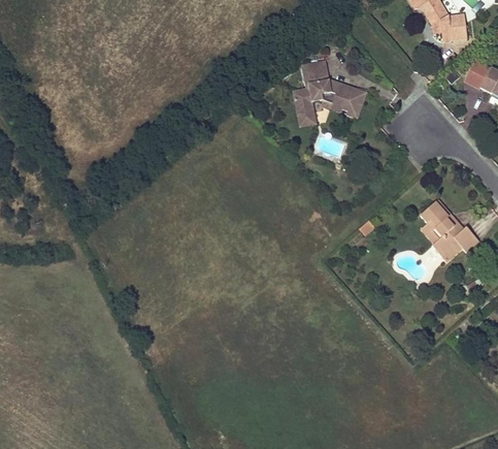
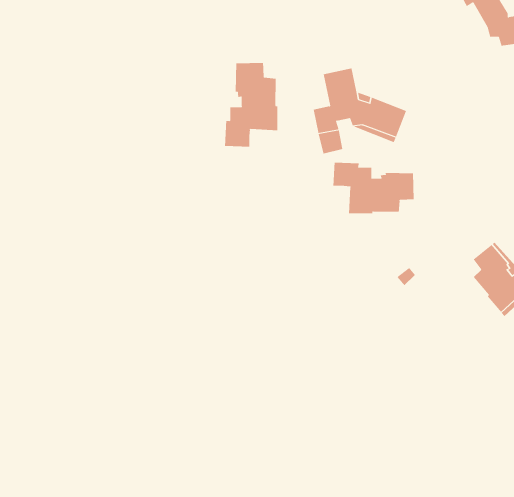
building: none -> [224,62,278,148]
building: none -> [333,162,414,214]

